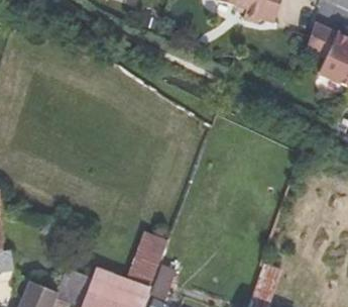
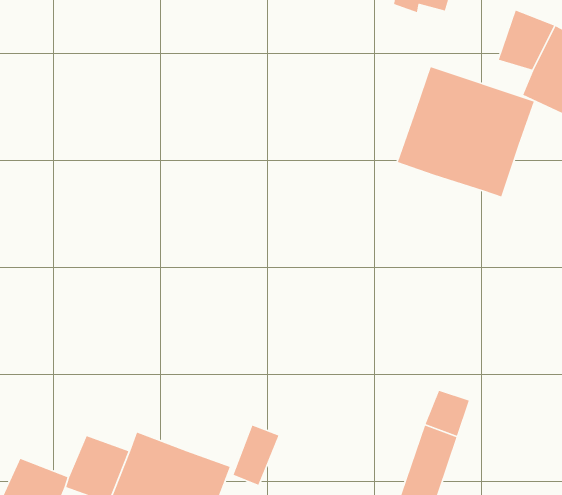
building: none -> [397,66,535,198]
building: [126,231,168,286] -> none

